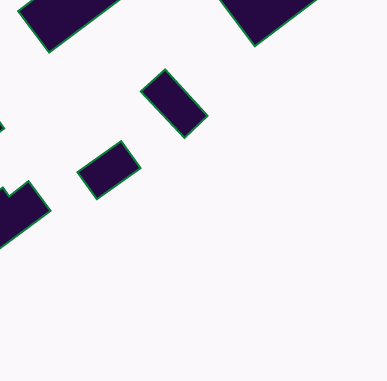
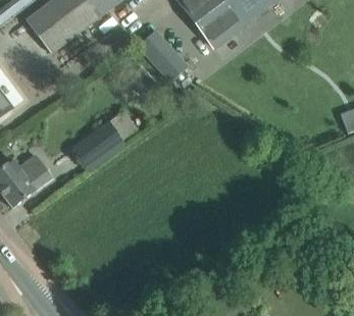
building: [141,70,208,138] -> [138,31,191,85]

